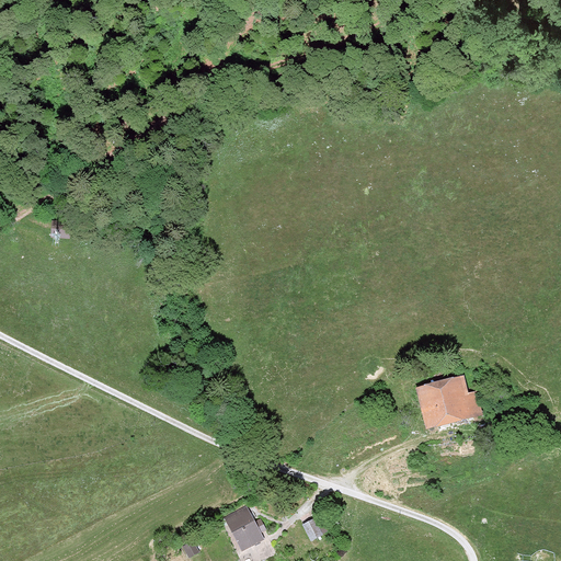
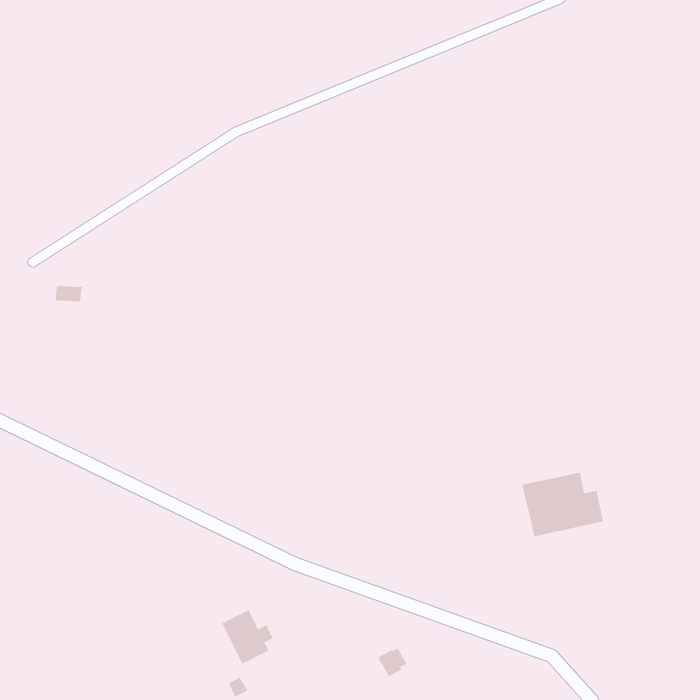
building: [224,506,265,550] -> [221,609,274,664]

